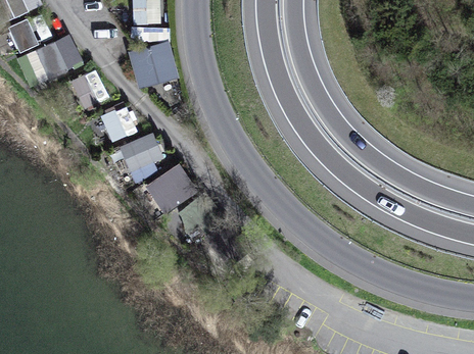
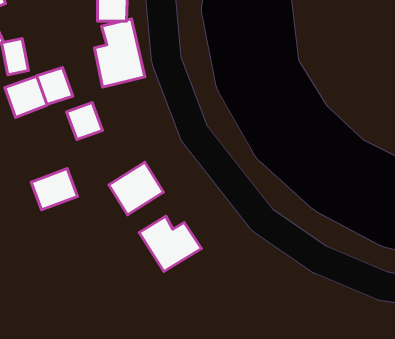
building: none -> [5,76,47,118]
building: [118,133,164,173] -> [31,169,78,210]
building: none -> [139,216,201,272]

